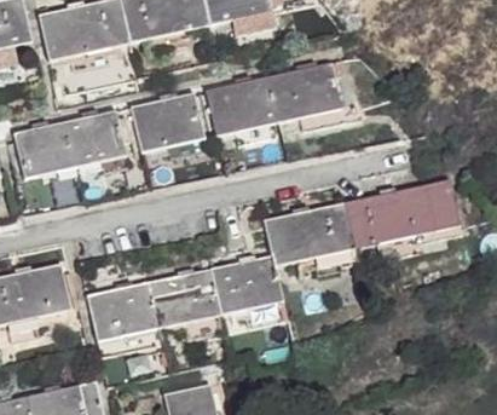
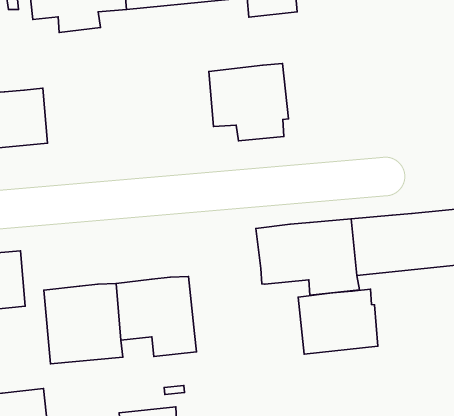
building: [268,59,343,131] -> none
building: [129,91,204,152] -> none
building: [64,108,128,167] -> none
building: [209,253,283,316] -> [298,289,378,354]

